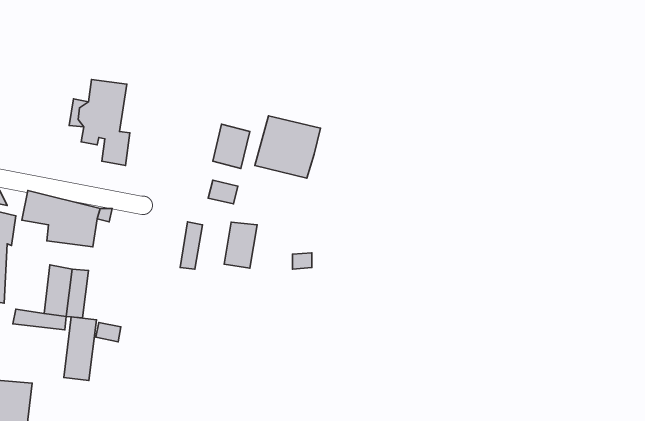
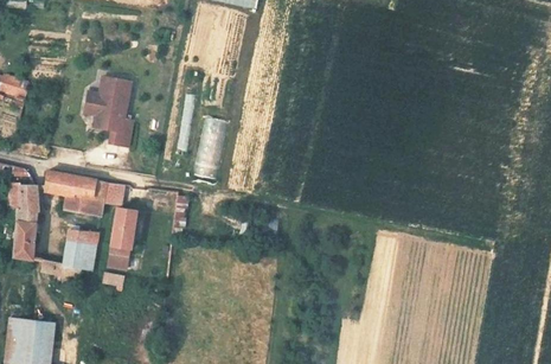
building: [255,116,321,178] -> none
building: [224,222,257,268] -> none
building: [64,317,96,381] -> [109,206,135,257]

